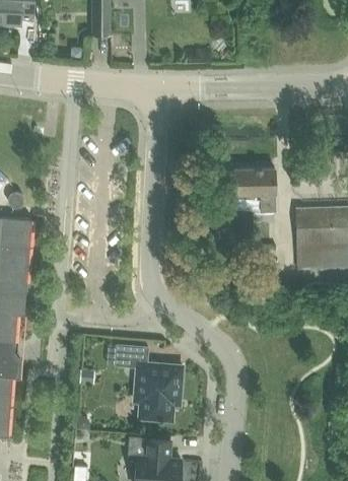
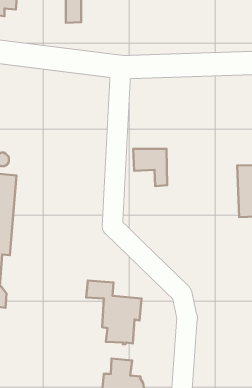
building: [234,169,275,214] -> [133,149,167,186]

